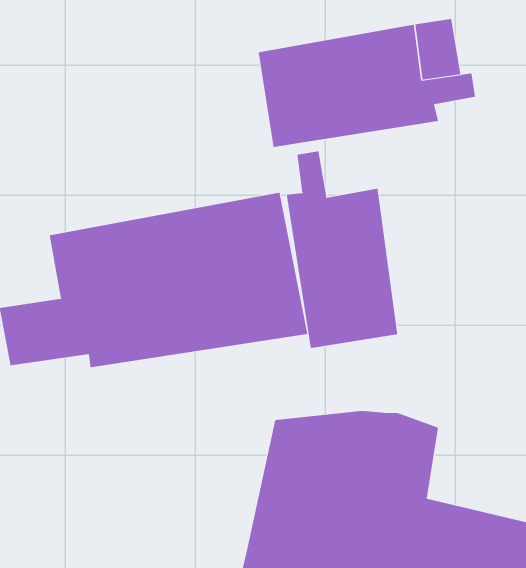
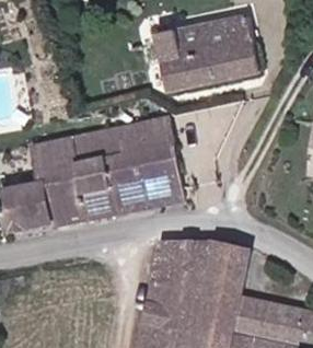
building: [286,150,398,349] -> none

